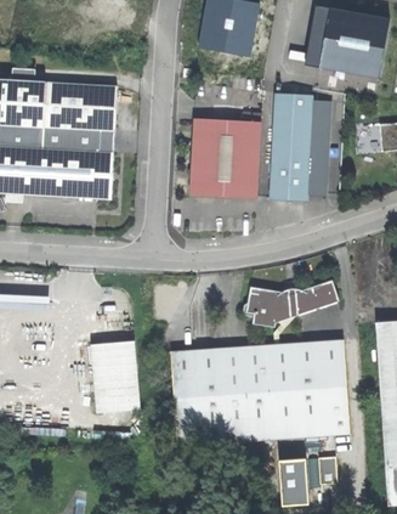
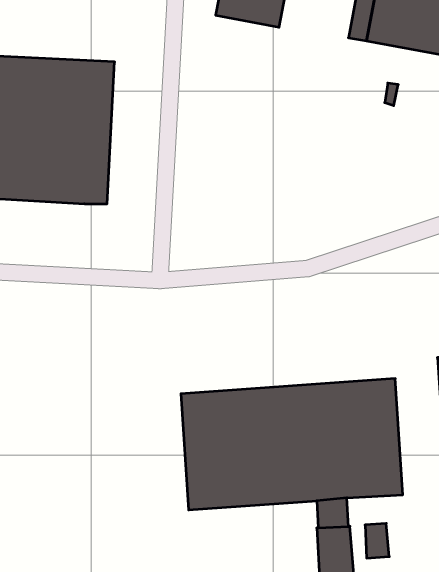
building: [270,97,331,200] -> none
building: [191,118,260,198] -> none
building: [243,279,339,326] -> none
building: [91,341,138,412] -> none

